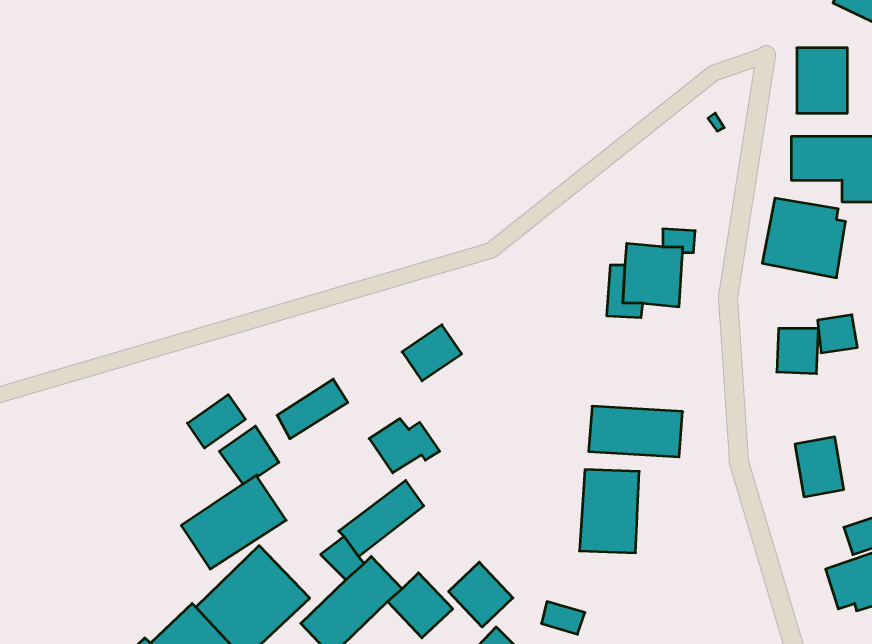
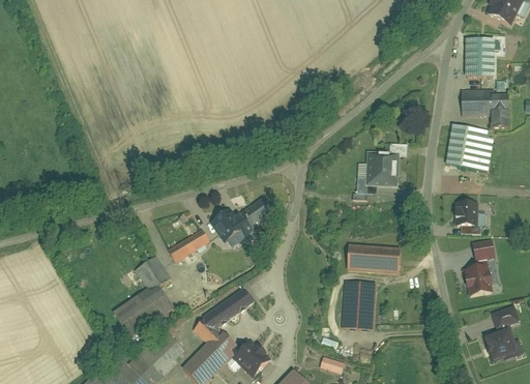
building: [818,315,857,353] -> [473,238,496,260]
building: [187,395,245,448] -> none
building: [369,419,440,473] -> [211,210,252,241]
building: [449,562,513,627] -> none

